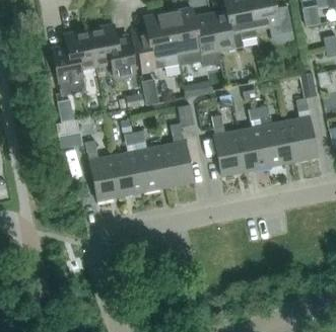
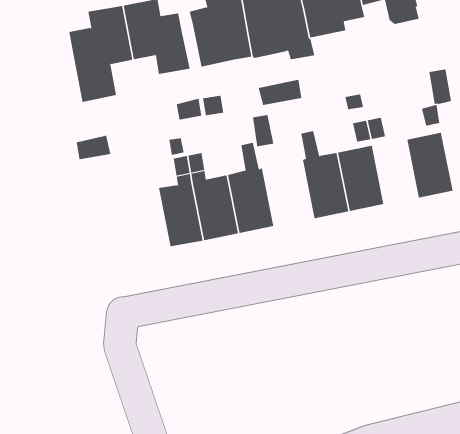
building: [261,121,292,166] -> none
building: [84,141,121,200] -> none

